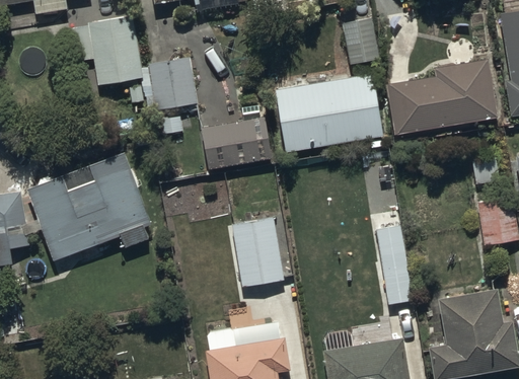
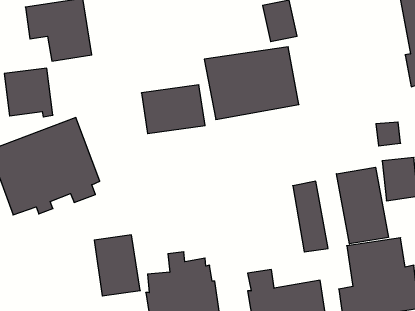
building: [145,56,201,111] -> [4,68,53,117]
building: [384,58,497,135] -> none
building: none -> [336,167,388,244]
building: [233,215,286,285] -> [94,235,140,296]

